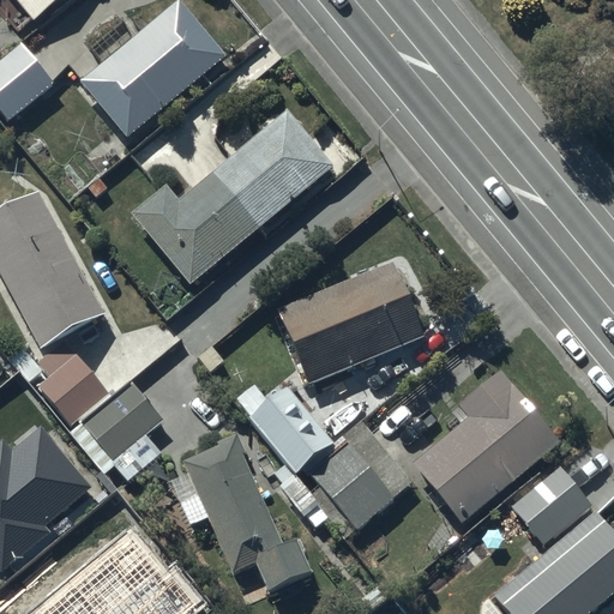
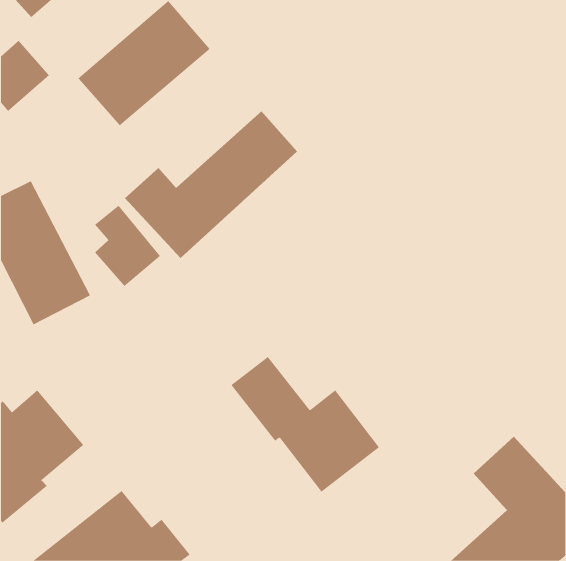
building: [275,258,425,385] -> none
building: [40,341,112,429] -> [94,205,161,287]
building: [415,375,565,524] -> none
building: [73,384,167,484] -> none
building: [179,437,321,598] -> none

